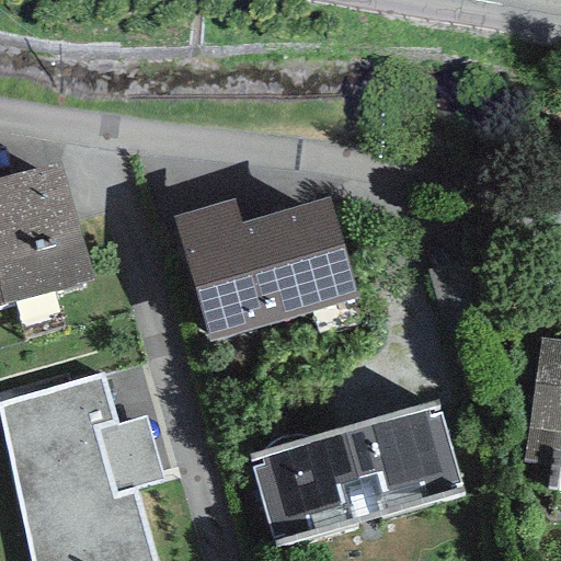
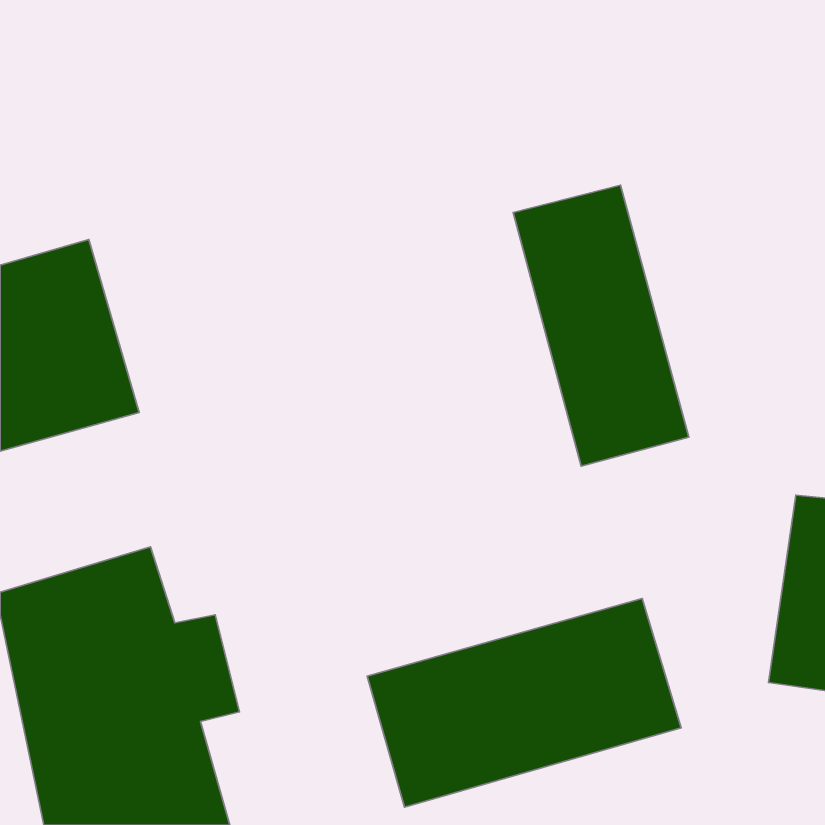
building: none -> [513,185,689,466]
building: [173,196,358,341] -> none

